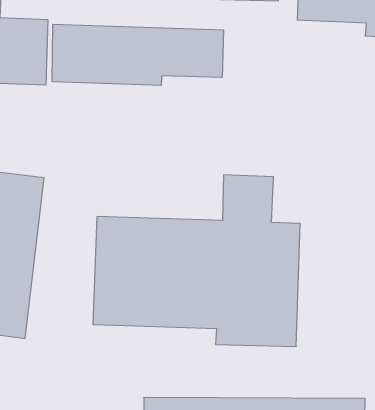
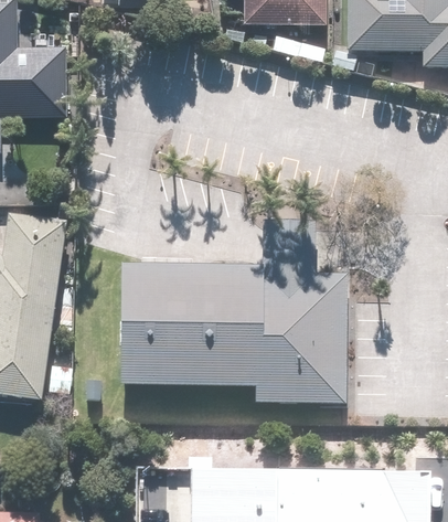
building: [52,24,223,85] -> none

